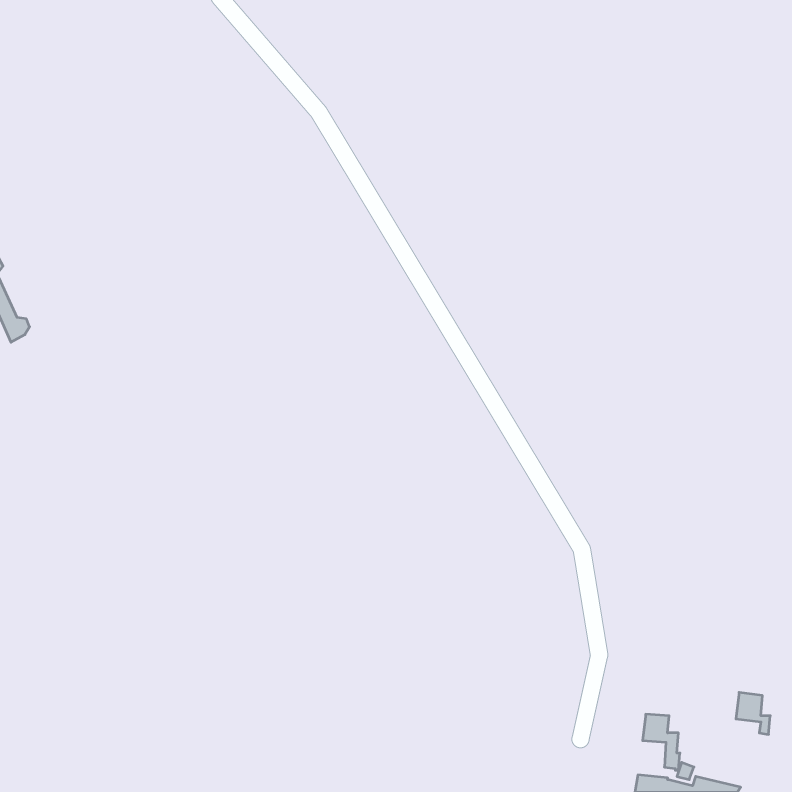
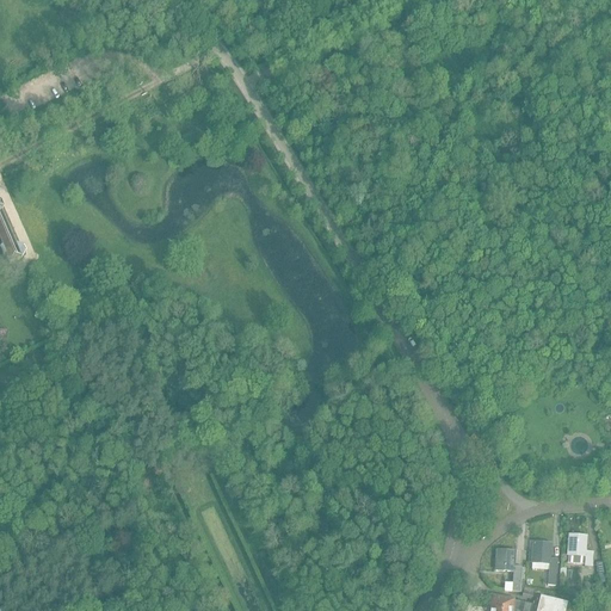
building: none -> [529,539,556,585]

